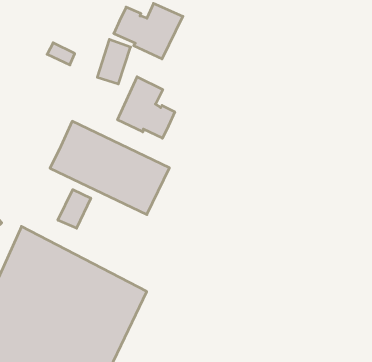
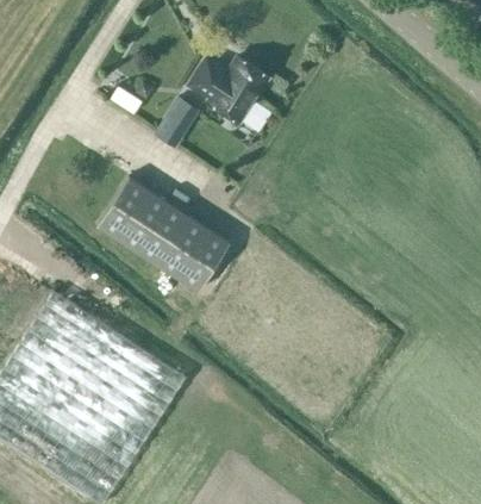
building: [118,77,175,138] -> none
building: [58,190,91,228] -> none

